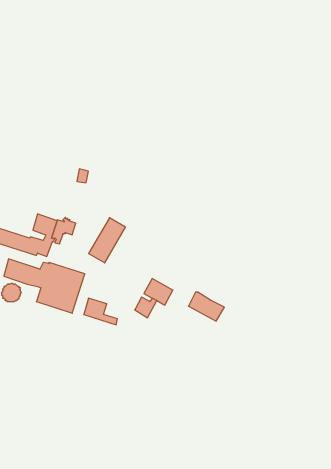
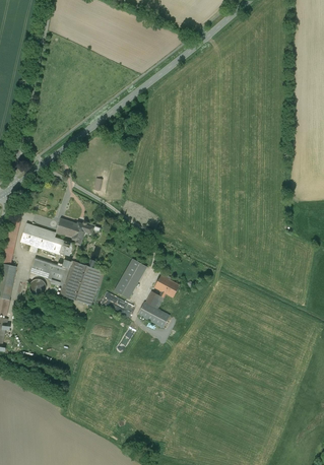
building: [89,218,126,263] -> [115,259,147,298]
building: [188,292,224,321] -> [138,302,170,327]

